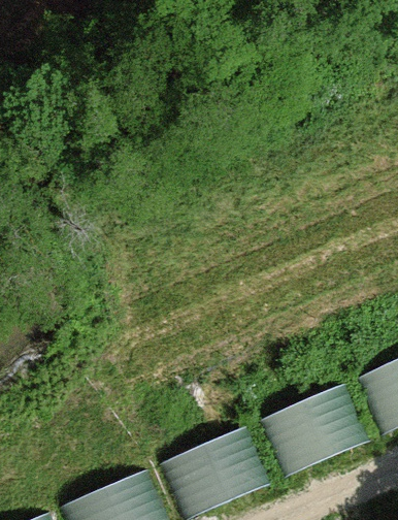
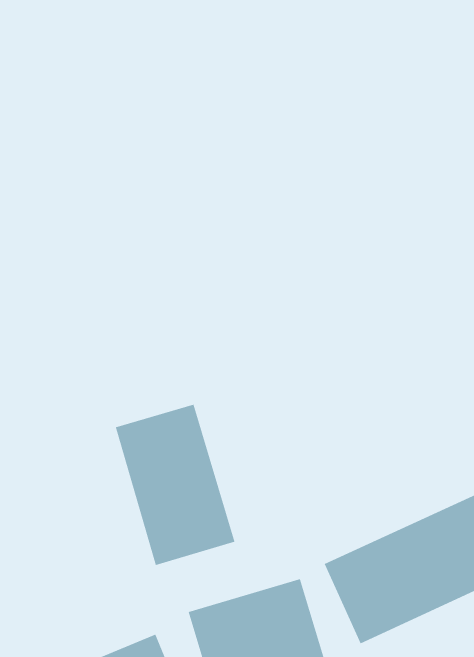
building: none -> [115,404,235,566]

